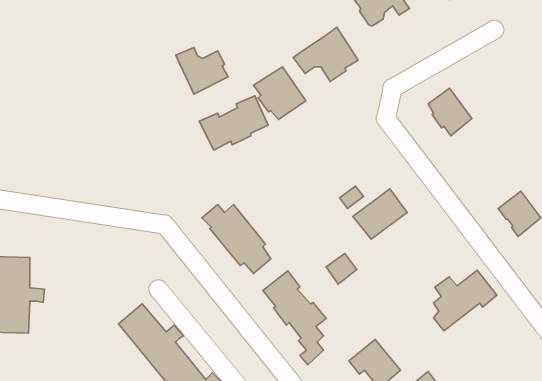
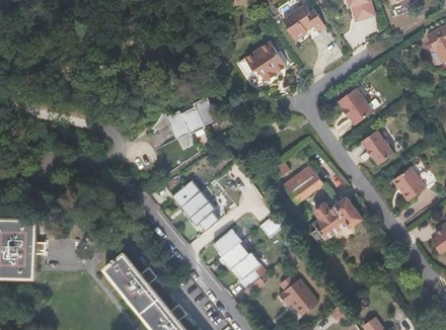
building: [176,48,228,94] -> none
building: [254,67,306,119] -> none
building: none -> [363,131,394,164]
building: [433,270,497,331] -> [311,197,360,244]

